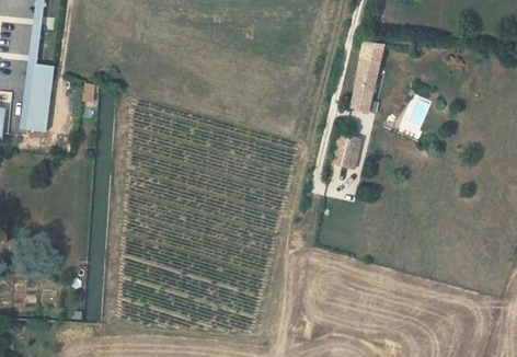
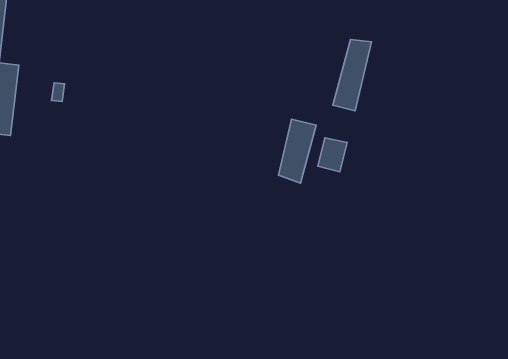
building: none -> [279,119,316,183]

